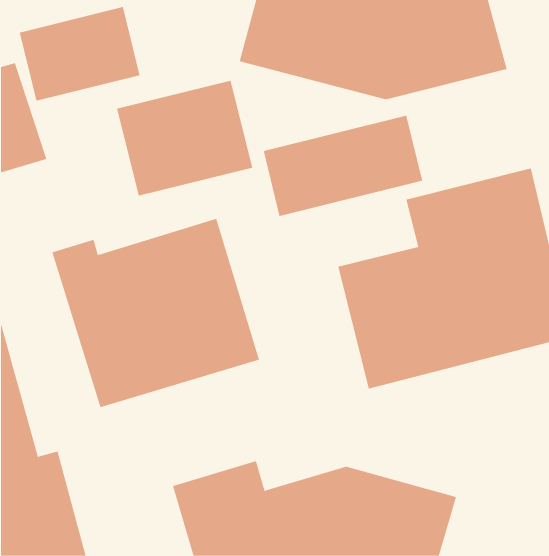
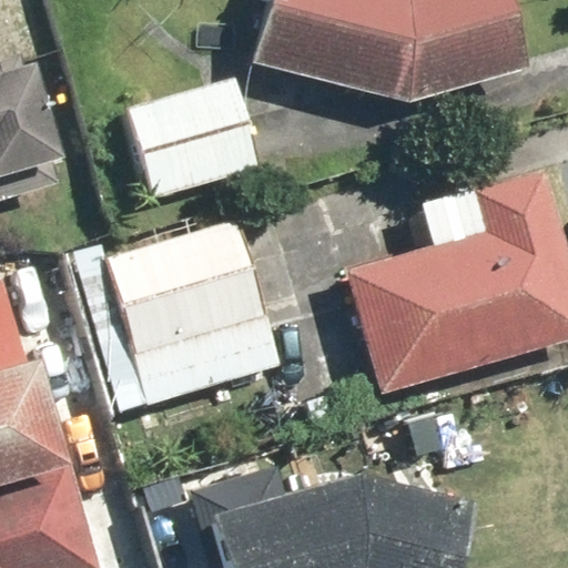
building: [19,6,140,102] -> none
building: [263,115,423,217] -> none

